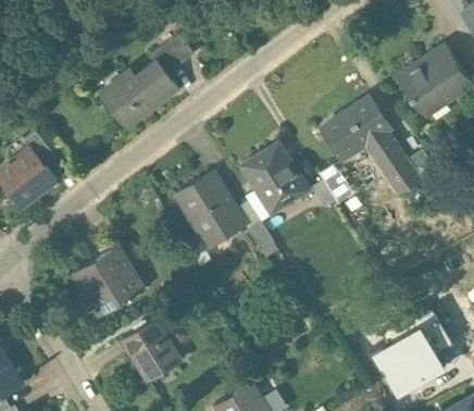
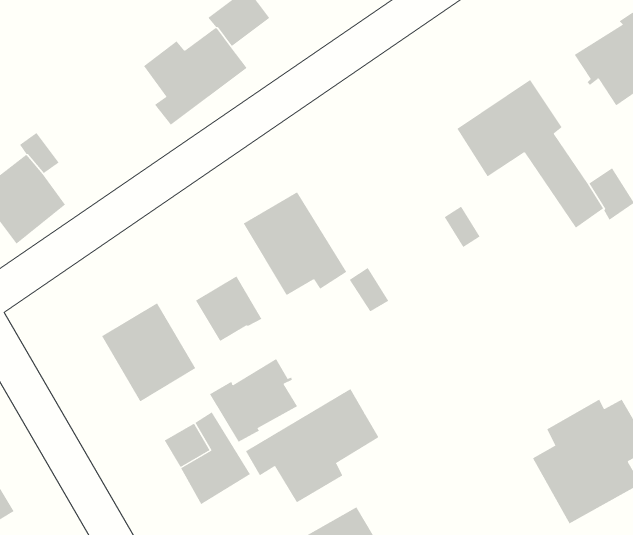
building: [241,142,309,214] -> none
building: none -> [195,275,262,342]
building: none -> [209,358,298,442]
building: none -> [245,388,379,503]

